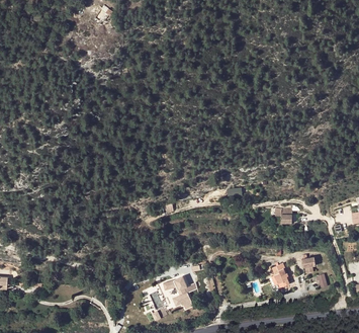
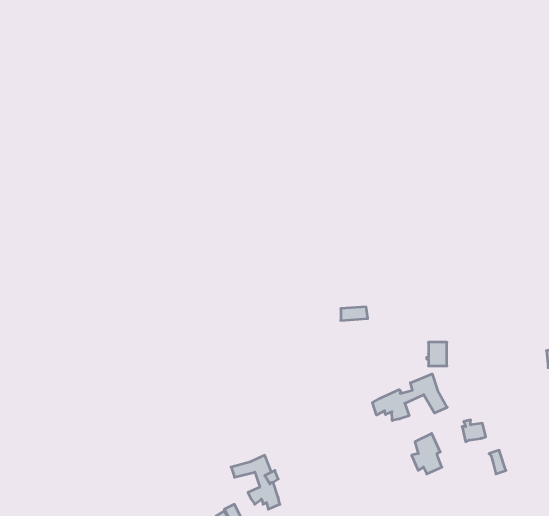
building: none -> [372,374,447,421]

